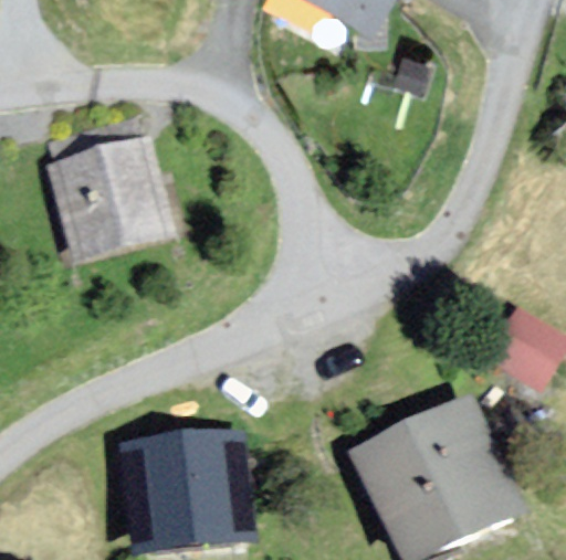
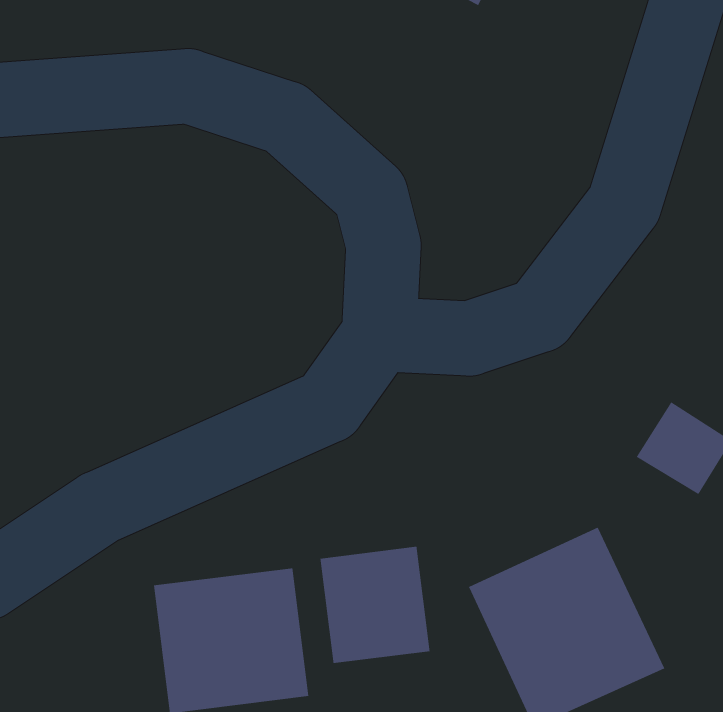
building: [56,140,166,252] -> none
building: none -> [320,546,430,664]

